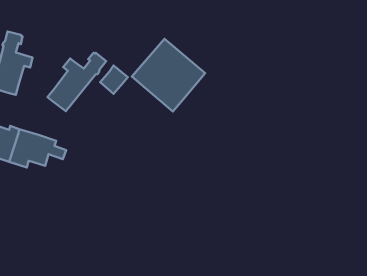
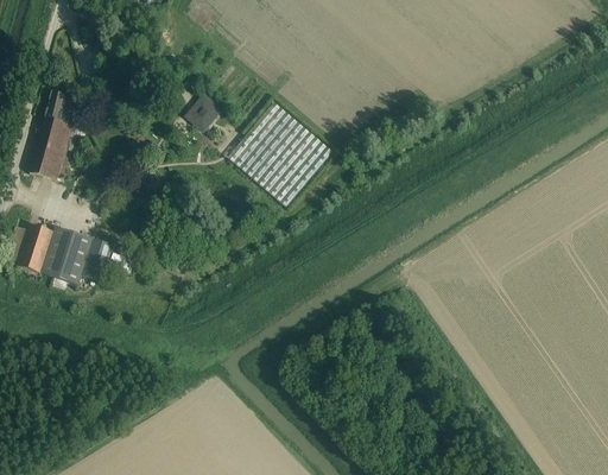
building: [47,53,106,111] -> none
building: [100,65,128,94] -> [184,91,223,132]

